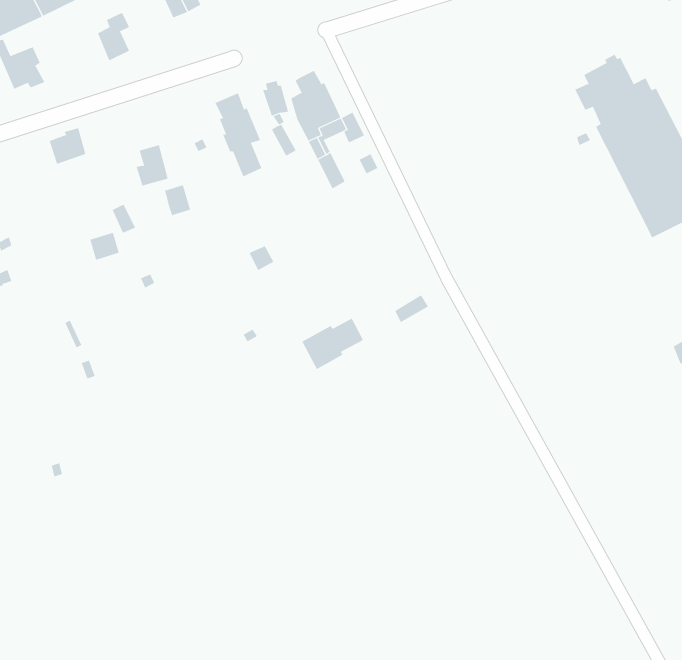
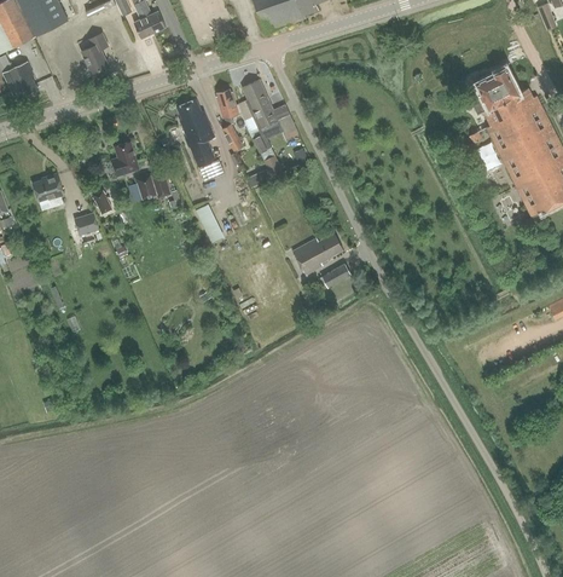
building: [49,127,86,165] -> [33,172,63,202]
building: [302,318,364,370] -> [294,232,344,275]

